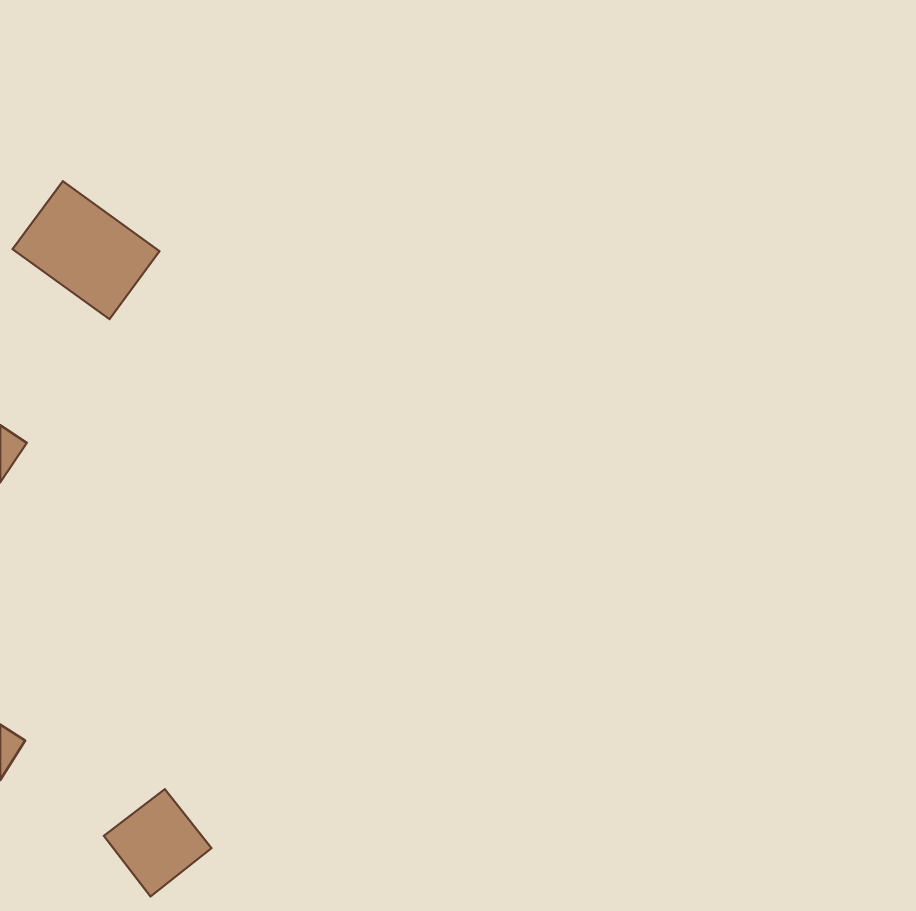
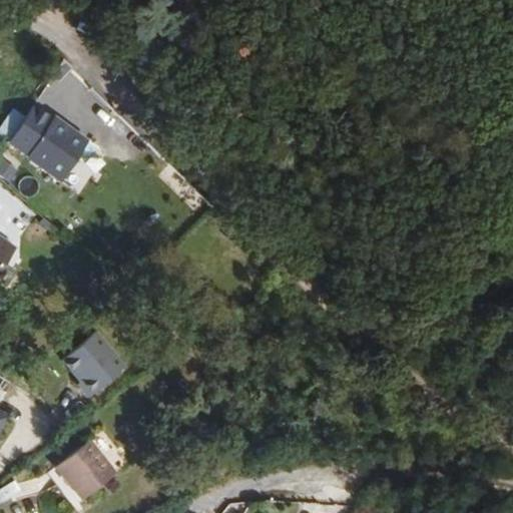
building: none -> [60,333,118,392]

